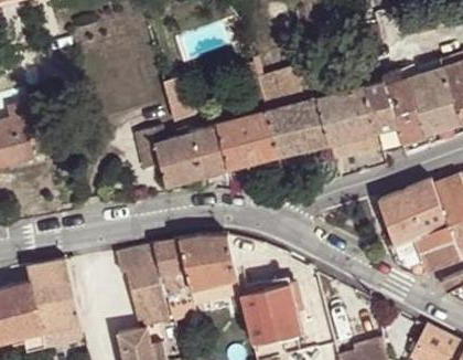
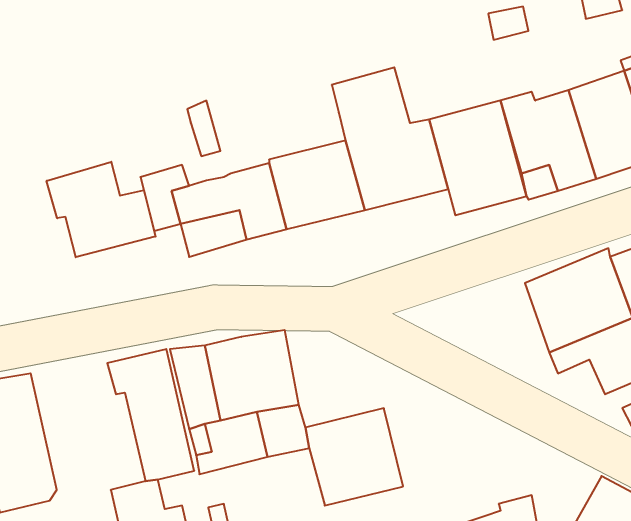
building: none -> [47,162,156,257]

